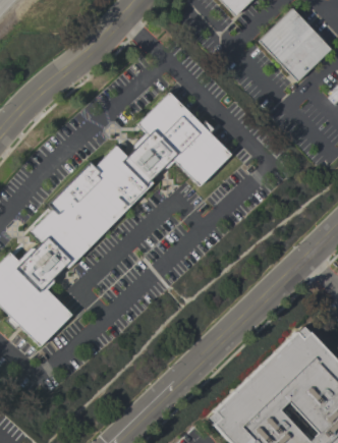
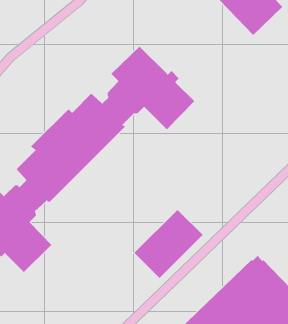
building: none -> [133,209,203,279]

